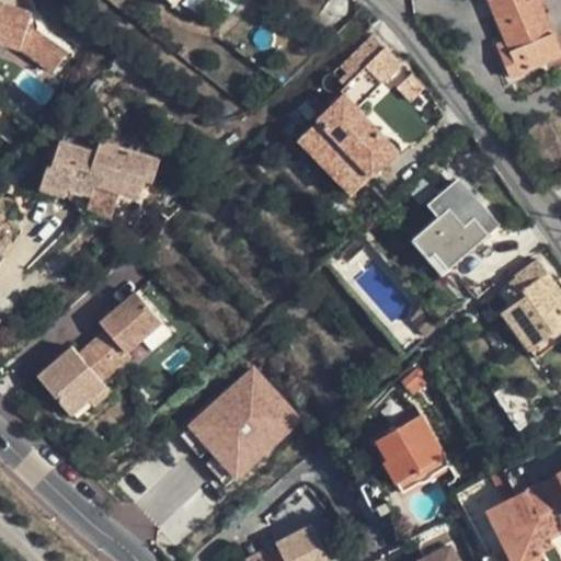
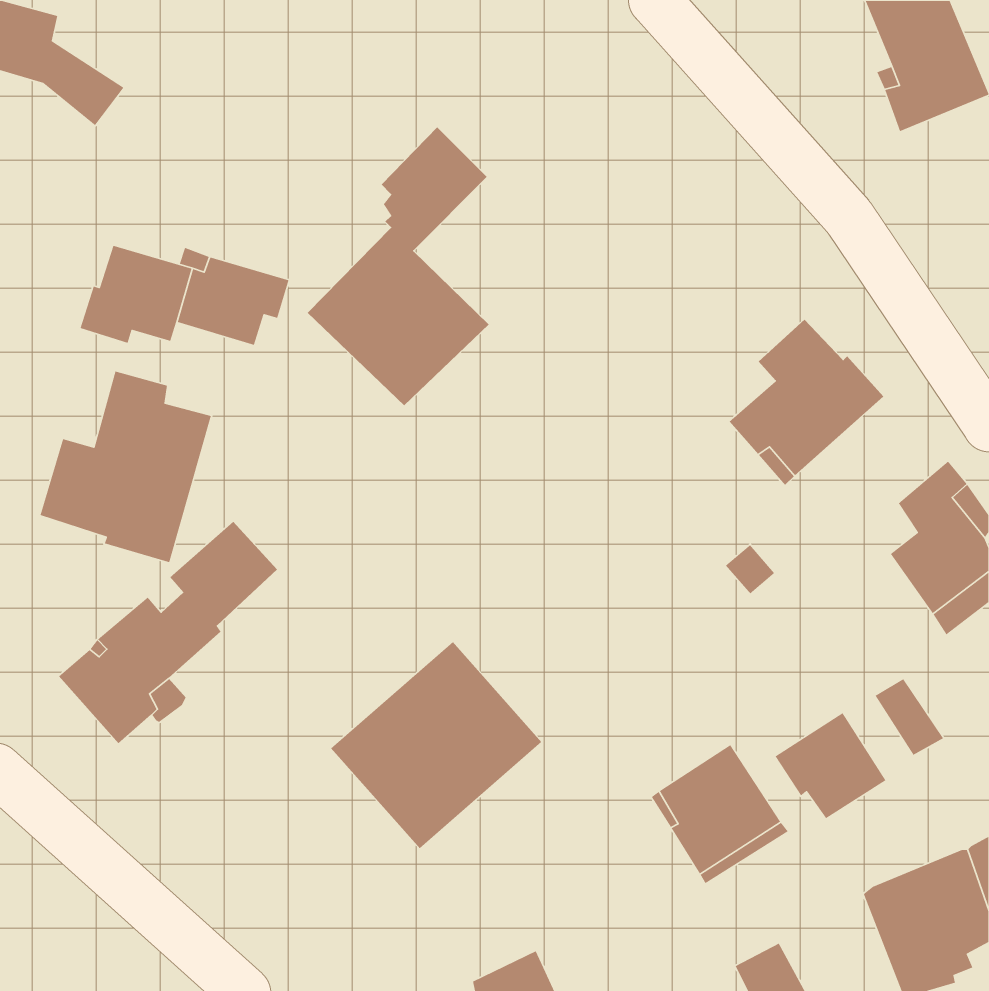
building: [296,37,399,195] -> [307,126,490,406]
building: none -> [39,371,212,563]
building: none -> [774,712,886,819]

